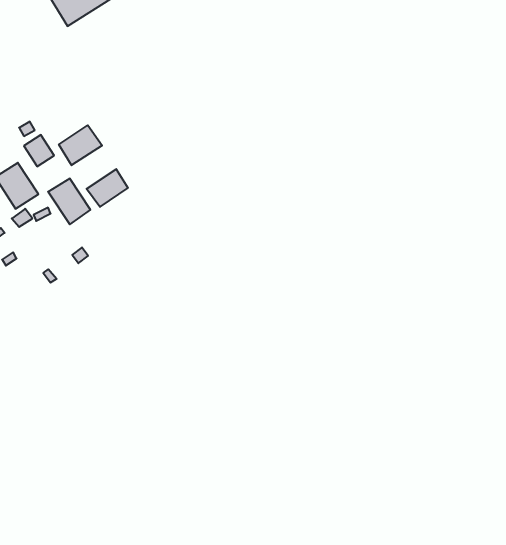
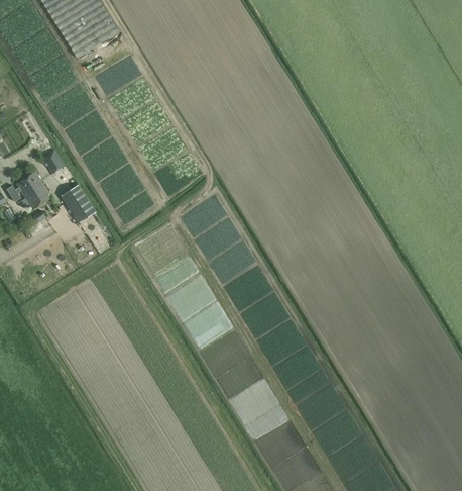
building: [59,125,102,165] -> none
building: [87,169,128,207] -> none

